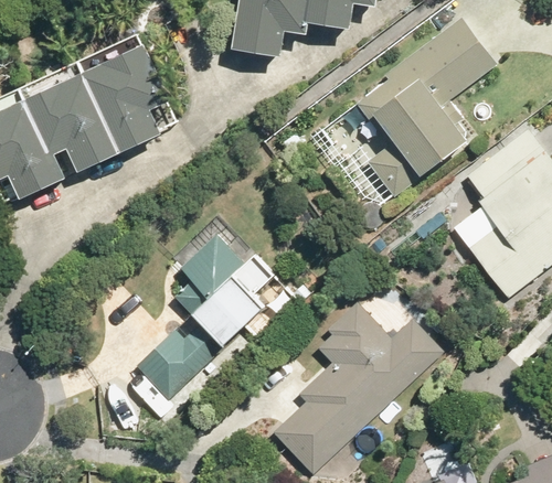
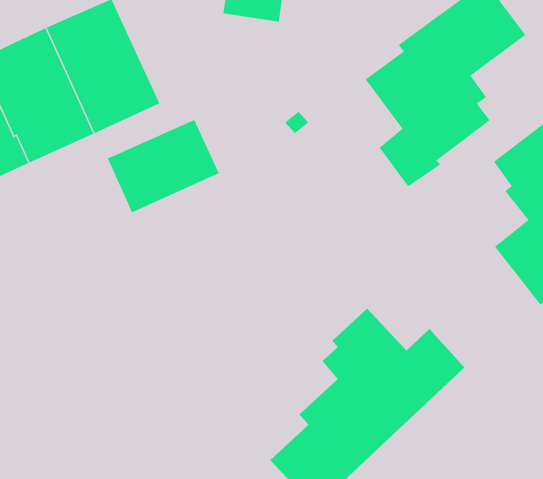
building: none -> [107,119,220,213]
building: [137,235,272,400] -> none

